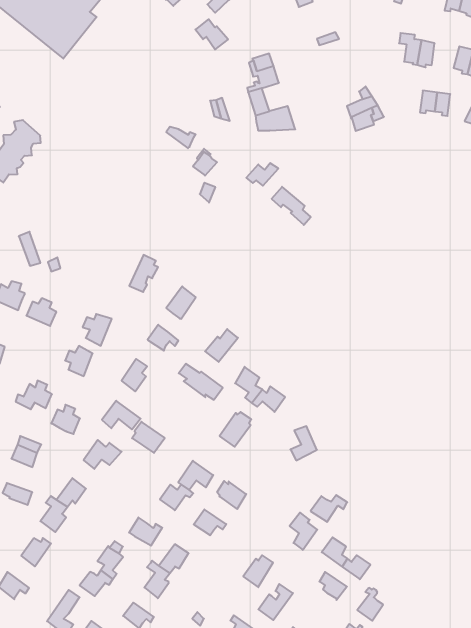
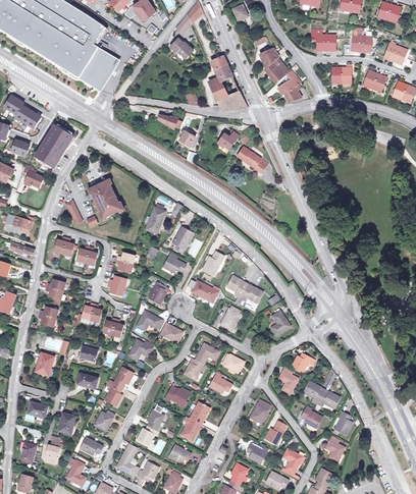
building: none -> [81,46,121,91]
building: none -> [260,48,289,81]
building: none -> [90,179,123,219]

